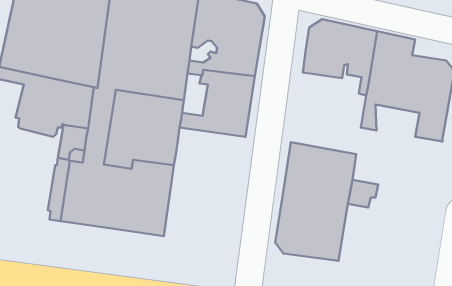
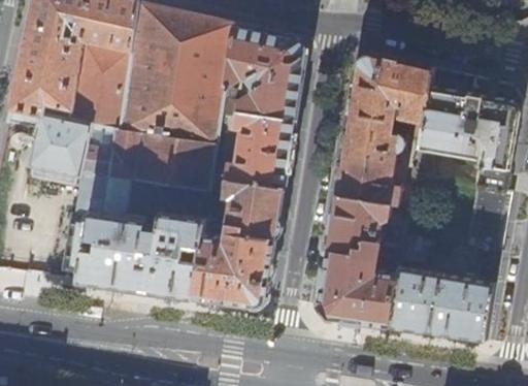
building: none -> [335,112,411,204]
building: none -> [193,174,285,305]
building: none -> [389,185,512,339]

